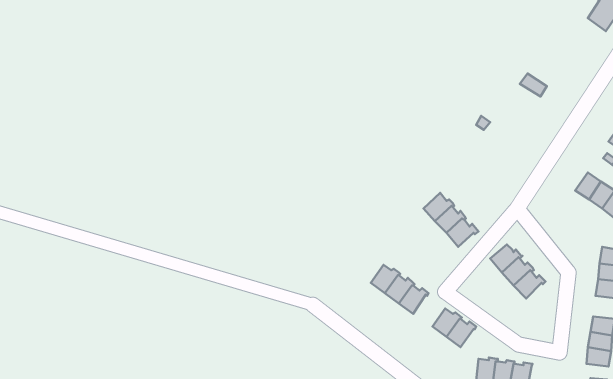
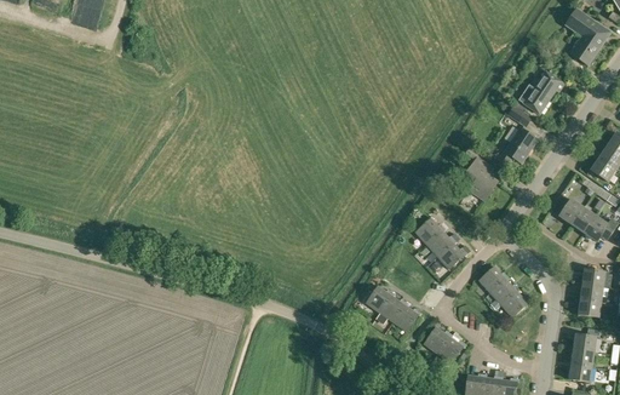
building: none -> [517,71,563,115]
building: none -> [496,127,536,167]
building: none -> [464,158,496,200]

